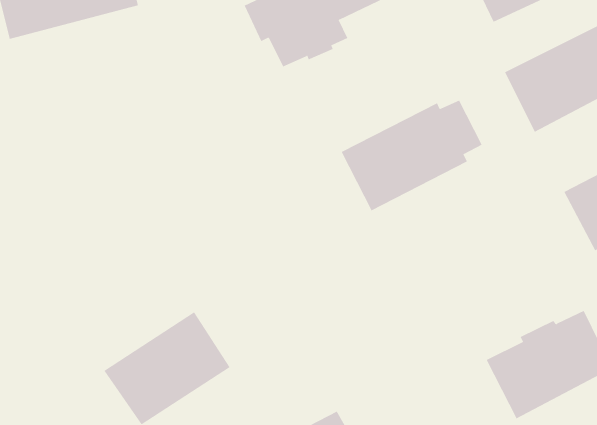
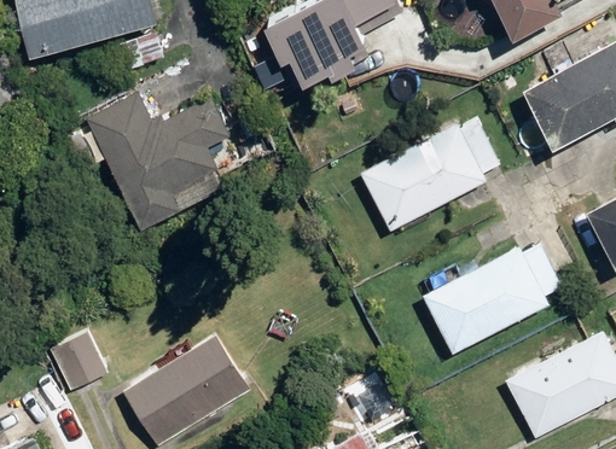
building: none -> [87,93,229,228]
building: none -> [422,245,563,352]
building: none -> [48,326,107,391]

